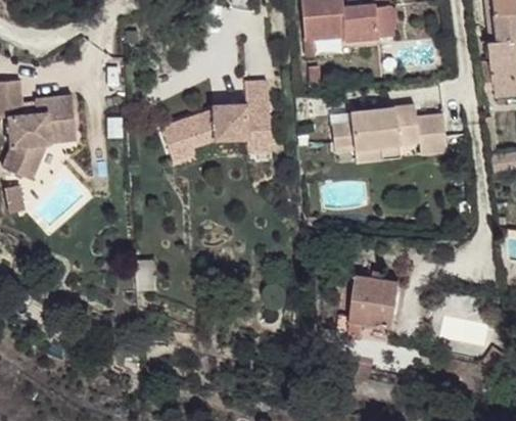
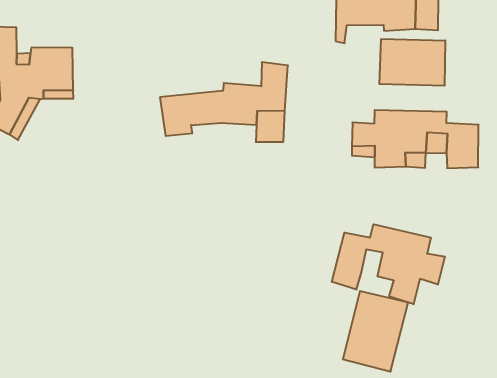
building: none -> [379,39,445,86]
building: none -> [332,224,445,304]

